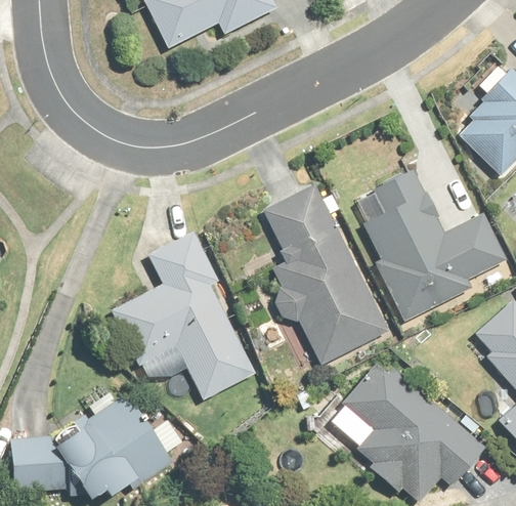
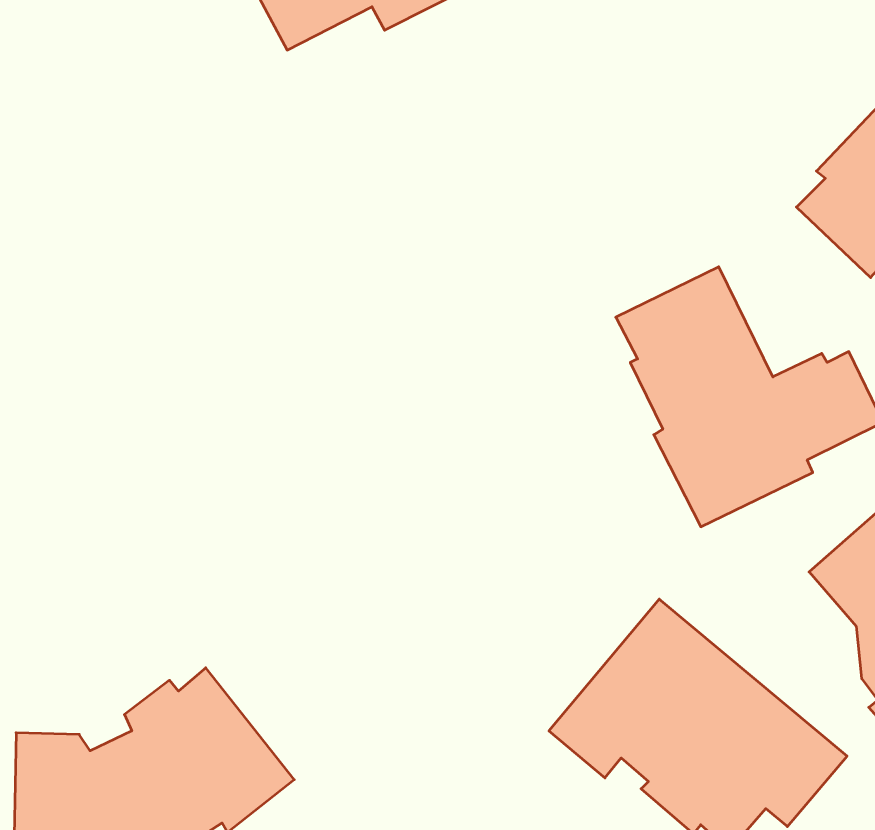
building: [263,184,389,365] -> none
building: [113,231,257,399] -> none

